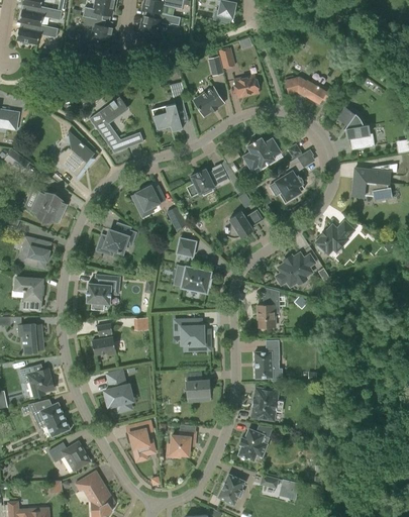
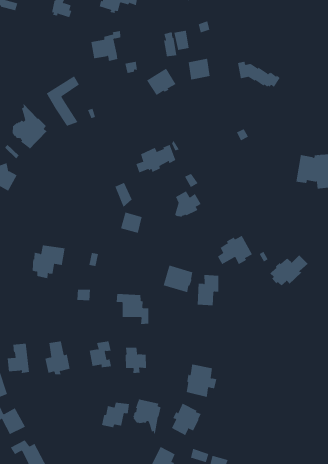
building: [152,99,184,131] -> [90,31,121,61]
building: [337,107,375,148] -> none
building: [242,137,281,170] -> none
building: [269,158,303,204] -> none
building: [131,186,165,210] -> none
building: [315,221,354,254] -> [269,254,308,286]
building: [98,224,134,252] -> none
building: [181,266,211,293] -> [163,265,193,293]
building: [92,324,116,355] -> [7,343,30,374]
building: [254,346,283,381] -> none
building: [129,421,154,449] -> [89,341,112,368]
building: none -> [133,398,161,435]

